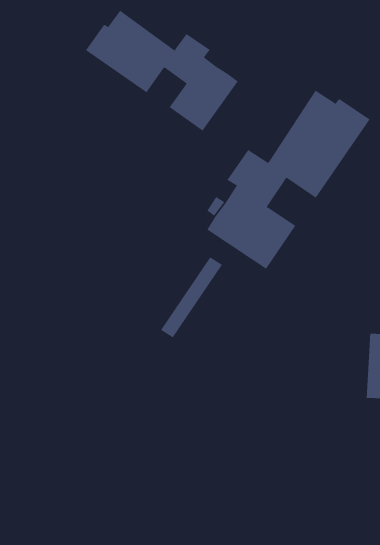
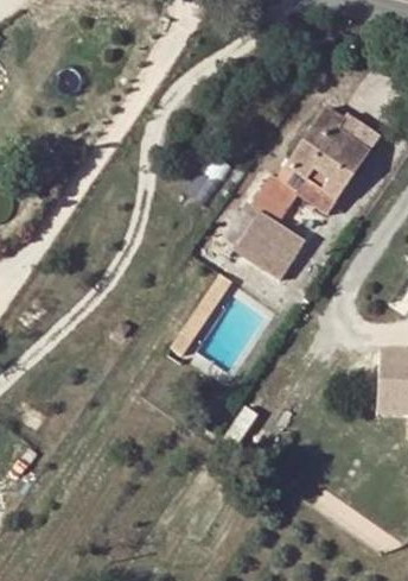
building: [85,10,238,131] -> none

